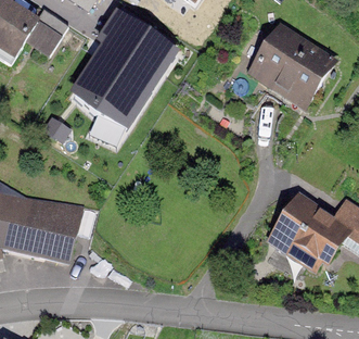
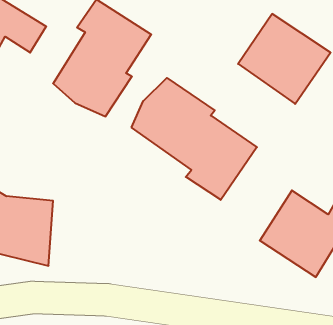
building: none -> [132,78,257,200]

